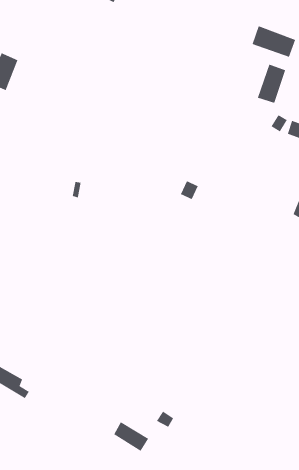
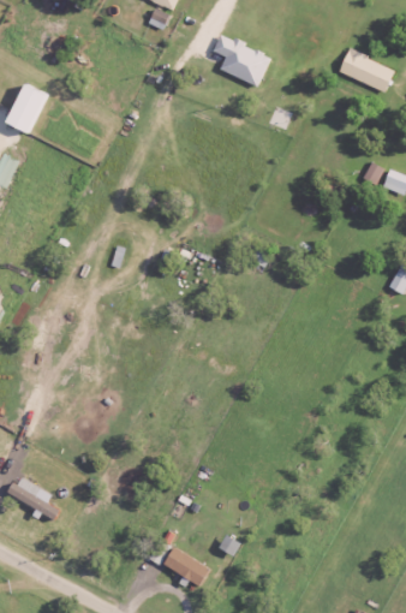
building: none -> [213,34,270,87]
building: [257,64,286,104] -> none

